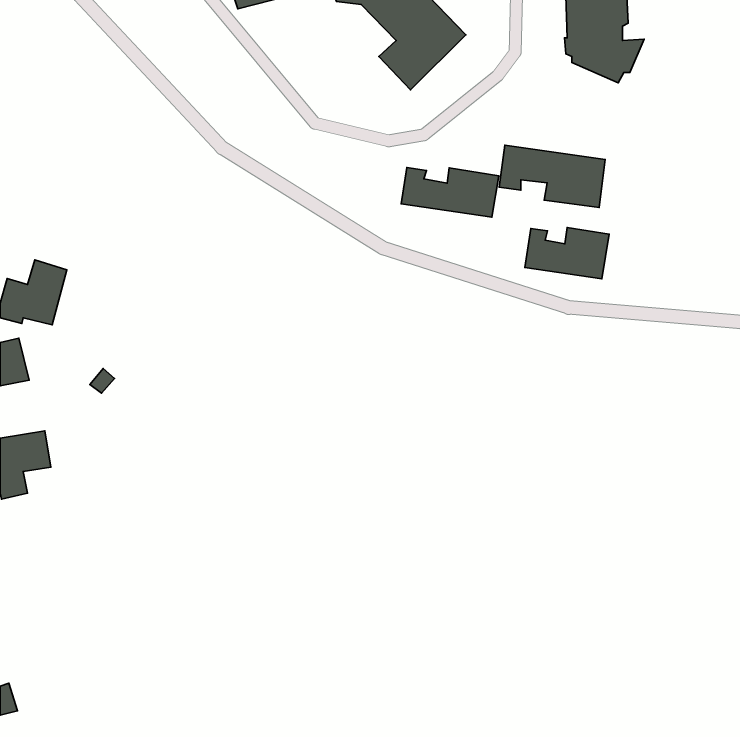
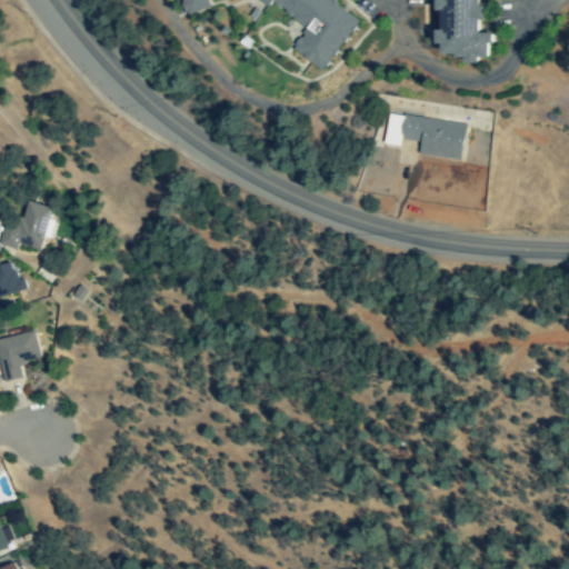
building: [401,167,499,217] -> none
building: [525,227,609,279] -> none

